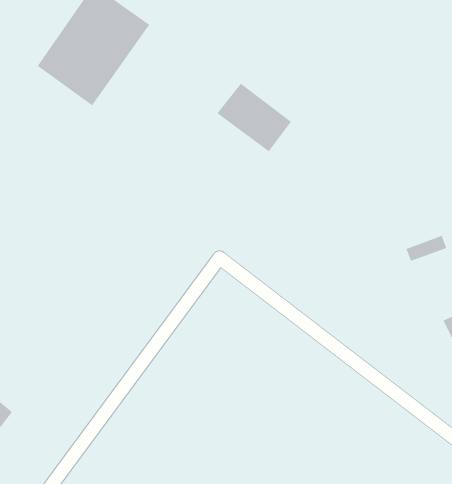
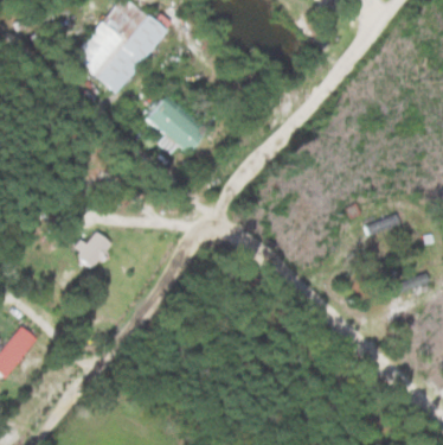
building: [216,83,292,152] -> [147,94,208,152]
building: none -> [72,231,111,268]

